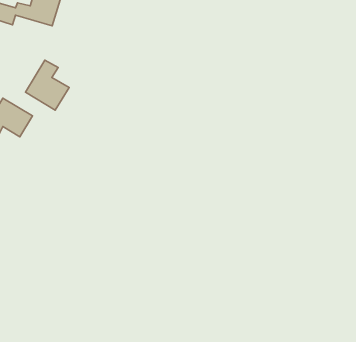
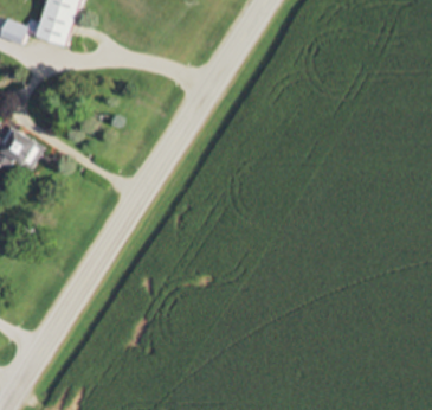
building: [26,60,69,110] -> none

